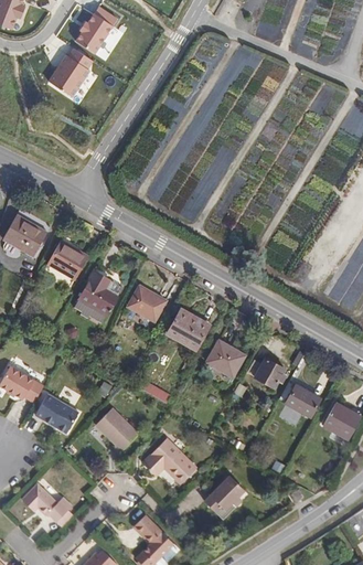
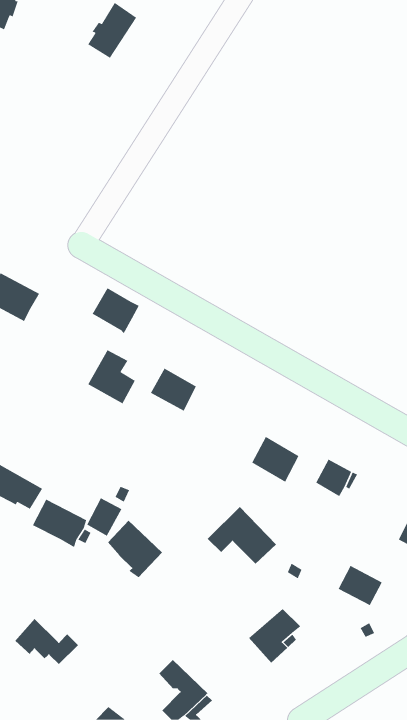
building: [50,46,95,95] -> none
building: [44,245,82,281] -> [91,287,140,334]
building: [166,313,207,353] -> none
building: [284,385,319,417] -> [337,565,383,606]
building: none -> [86,497,122,537]
building: [140,437,194,482] -> [207,506,277,564]

